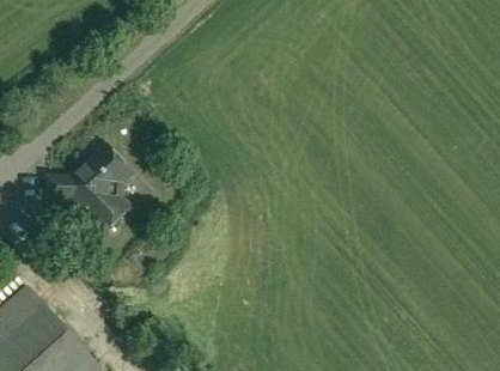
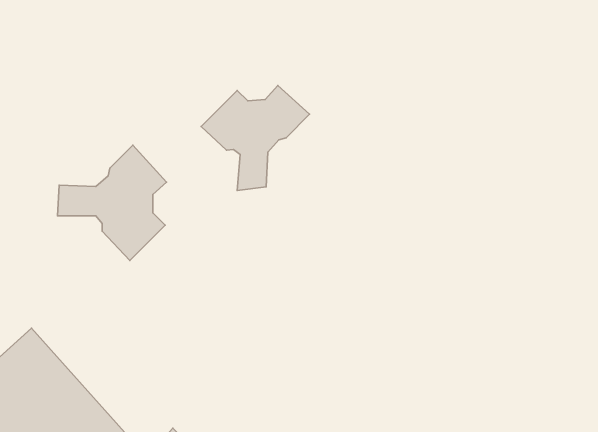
building: none -> [201,86,310,191]

